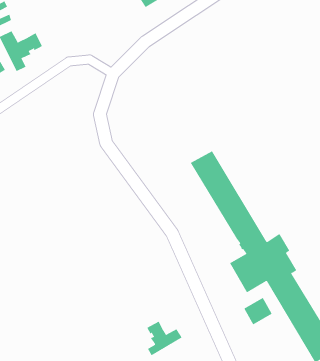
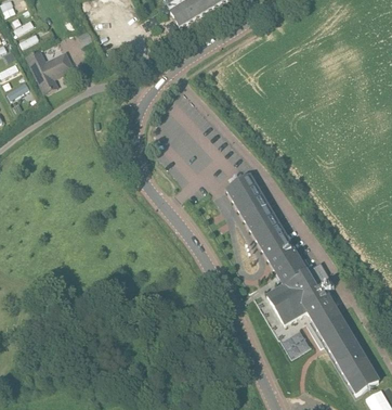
building: [147,321,183,356] -> none

